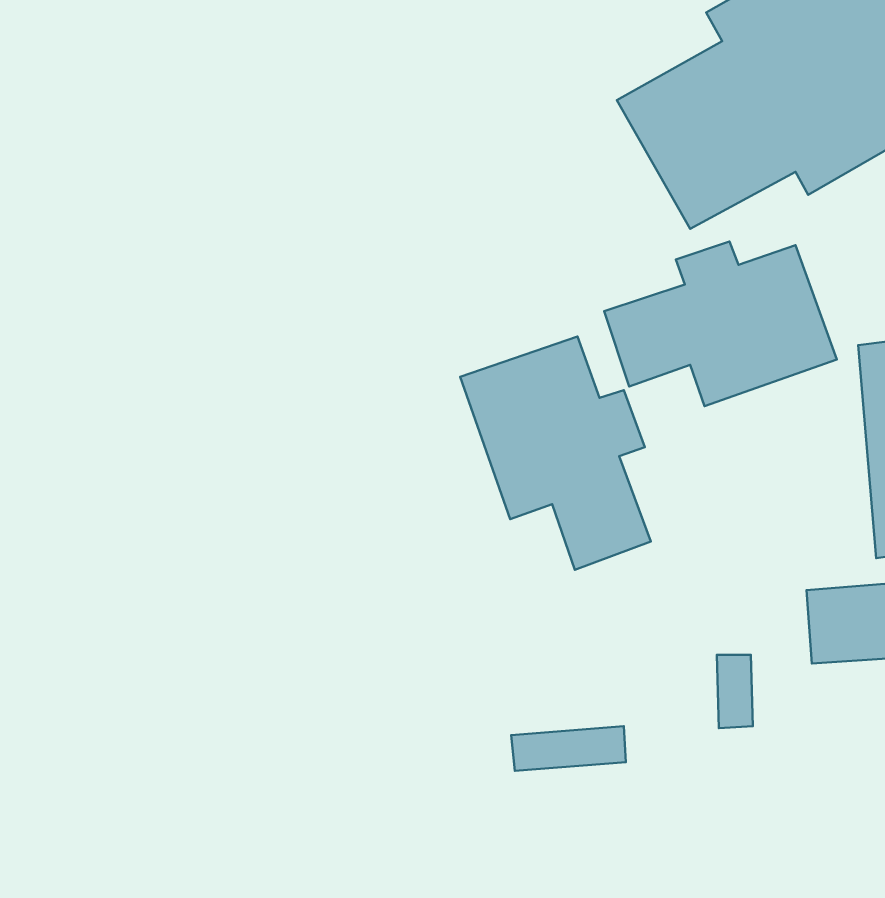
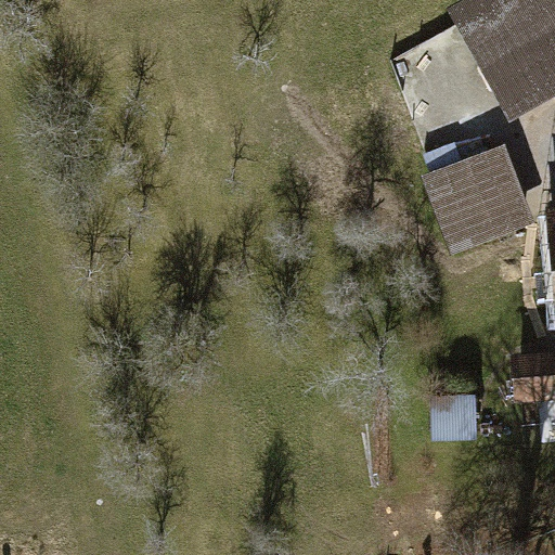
building: [460,337,651,570] -> none

